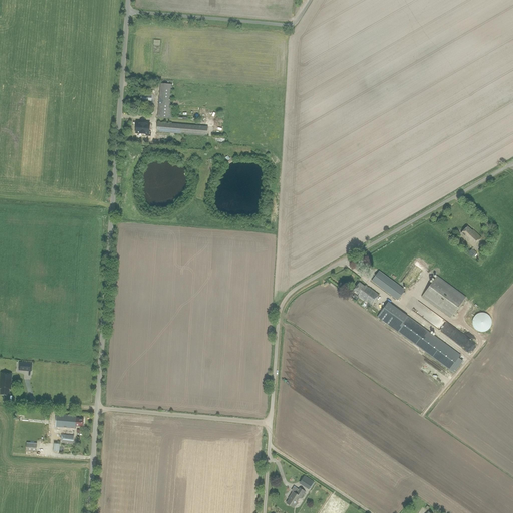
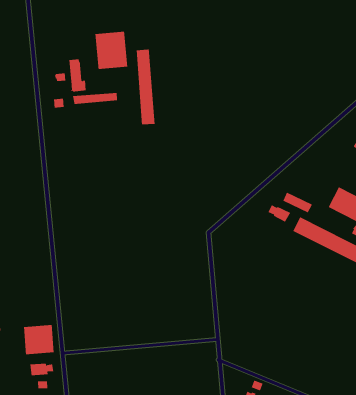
building: none -> [95,31,128,70]
building: none -> [136,48,155,125]
building: none -> [23,324,54,355]

